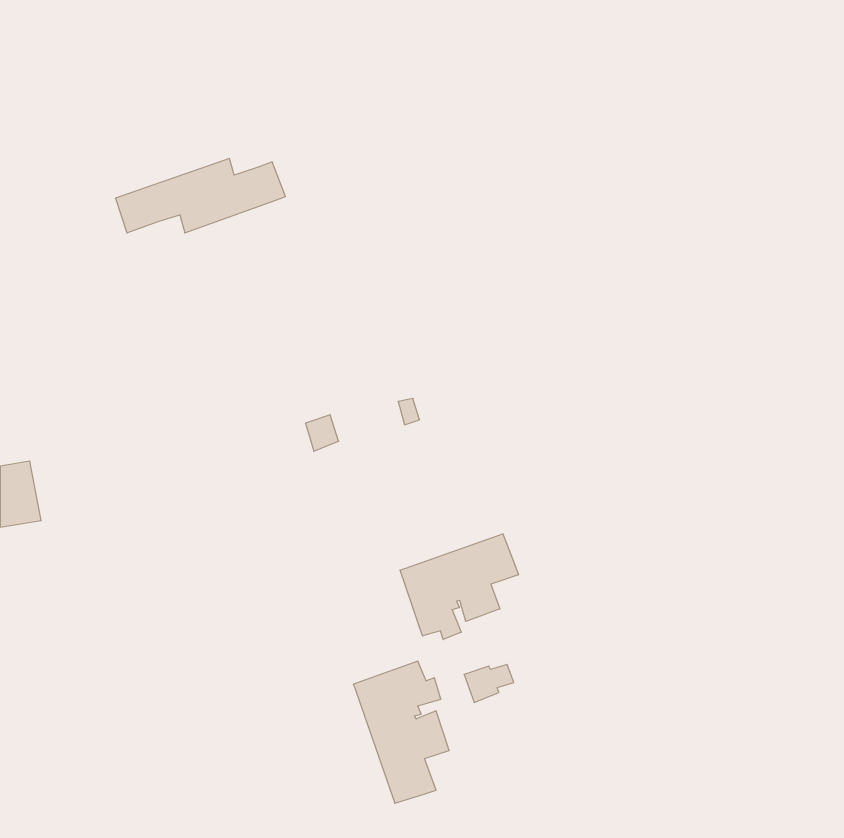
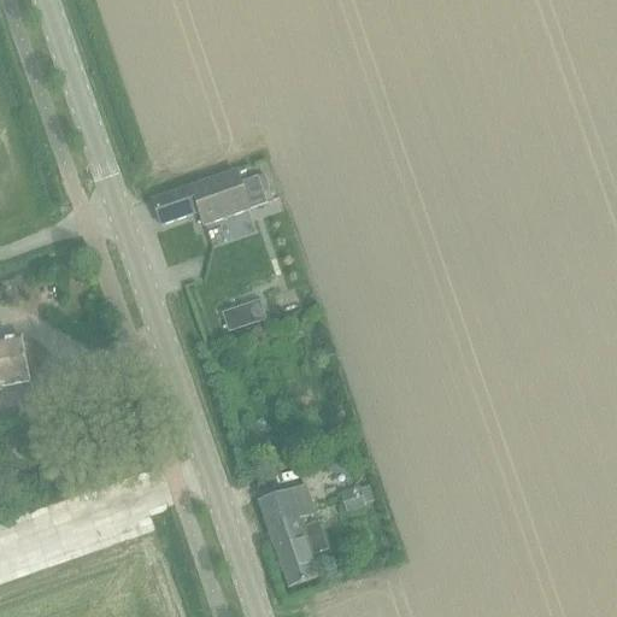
building: [115,159,285,233] -> [152,169,276,223]
building: [400,534,518,640] -> none

